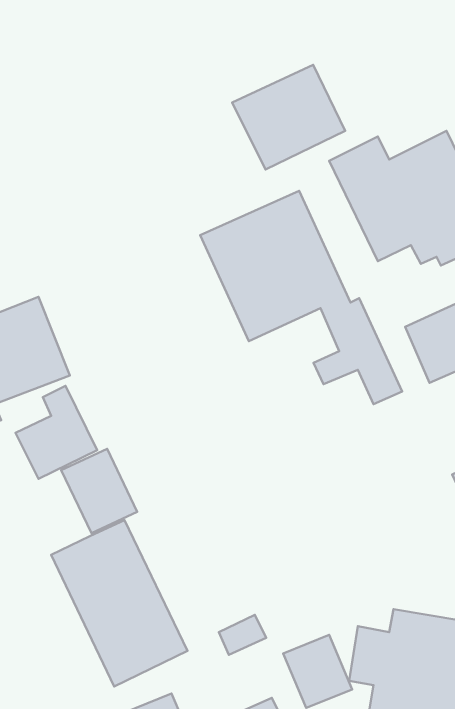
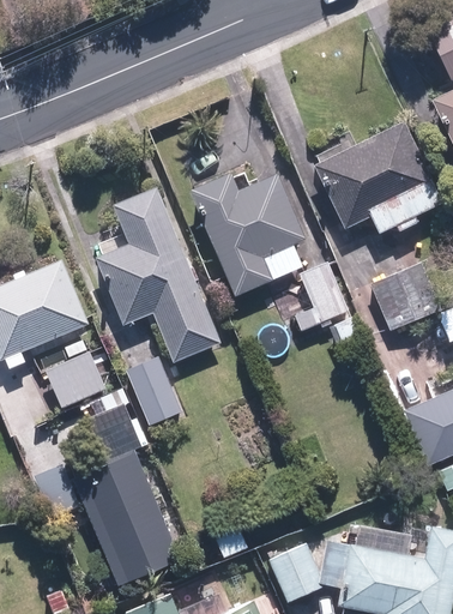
building: [232,65,345,170] -> none
building: none -> [90,185,222,362]
building: none -> [125,355,182,427]

